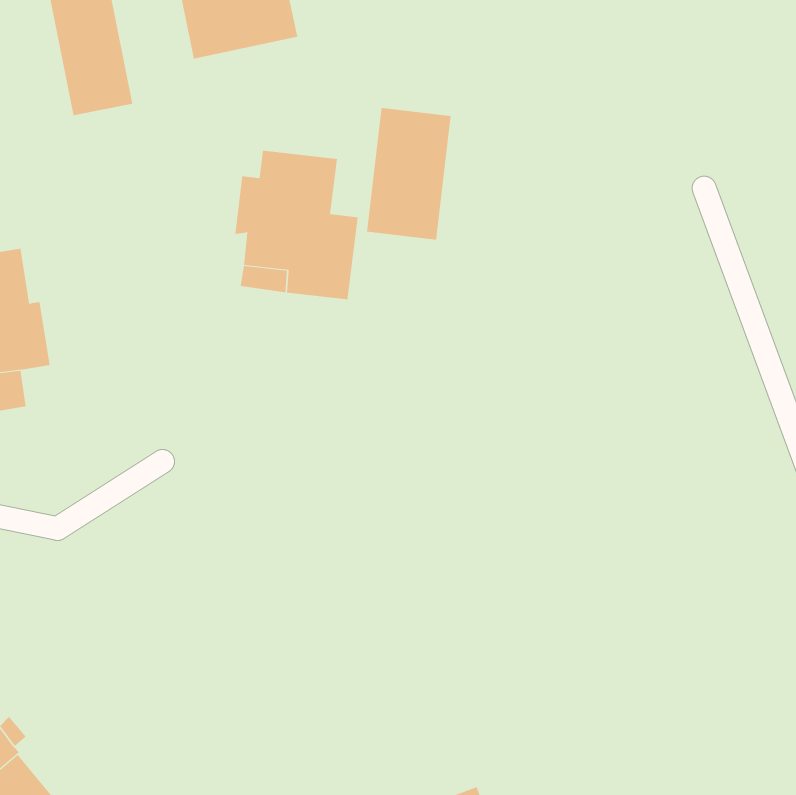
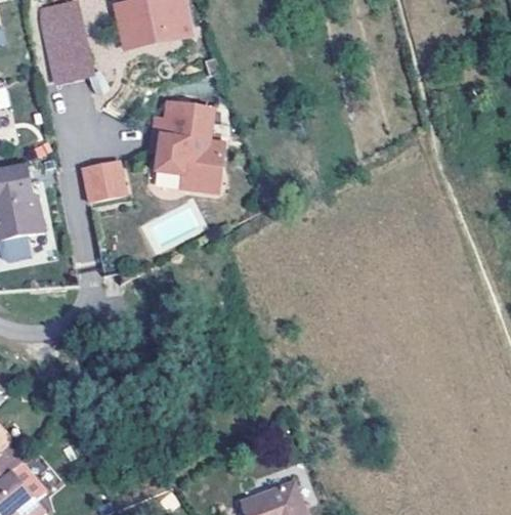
building: [367,107,451,240] -> none
building: none -> [82,160,126,200]

